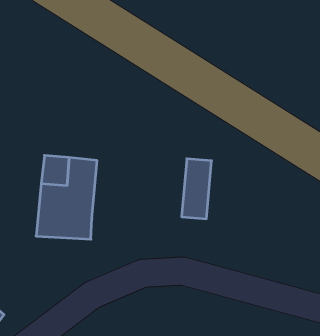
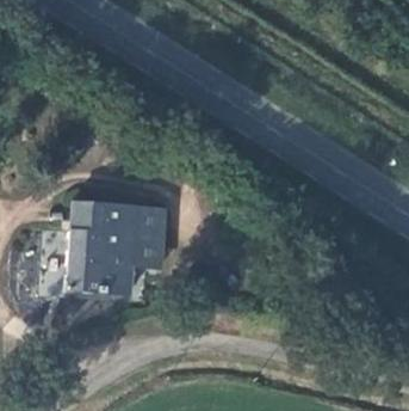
building: [182,159,212,219] -> [130,204,165,274]

